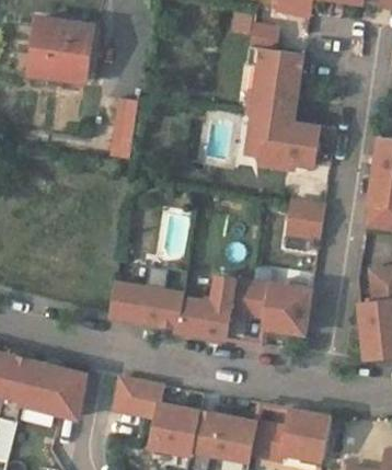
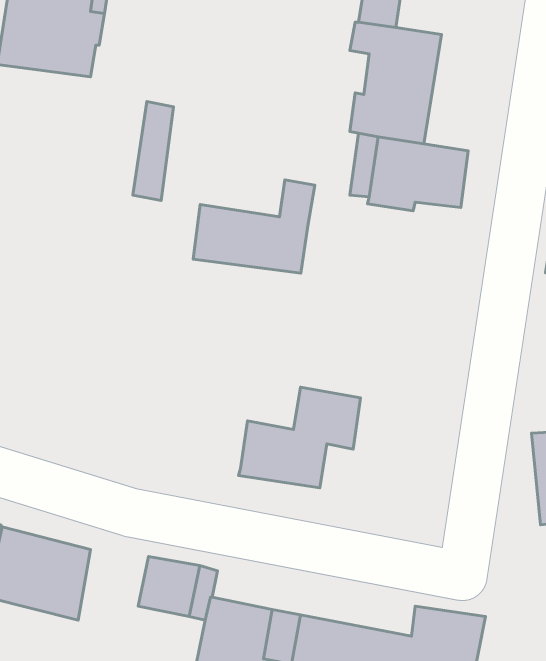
building: [286,199,323,239] -> none
building: [111,266,186,324] -> [193,180,315,273]
building: [247,280,310,331] -> none

